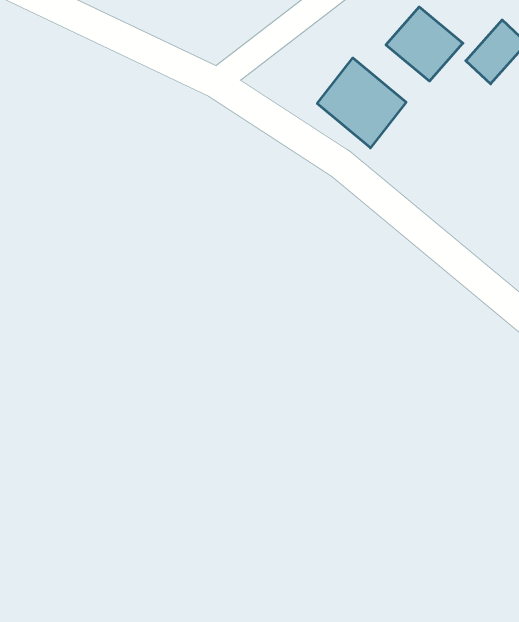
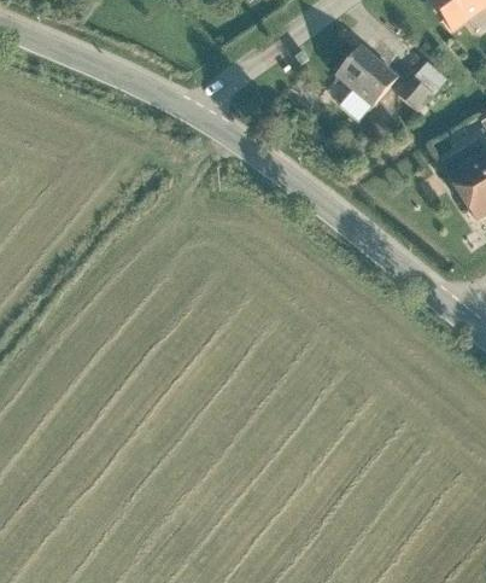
building: [317,58,406,148] -> none

